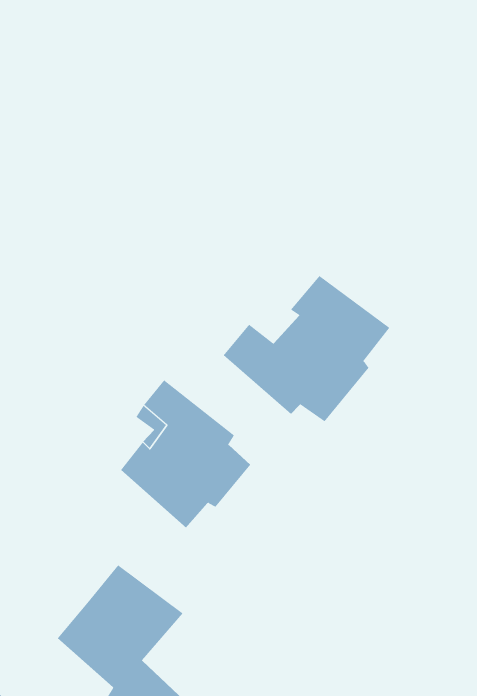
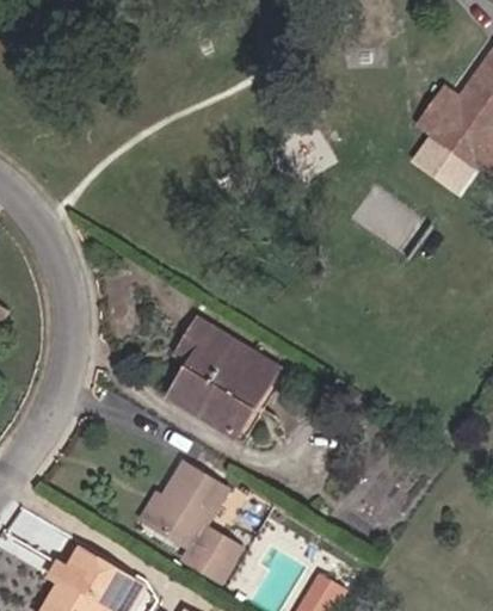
building: [223,275,390,422] -> none

